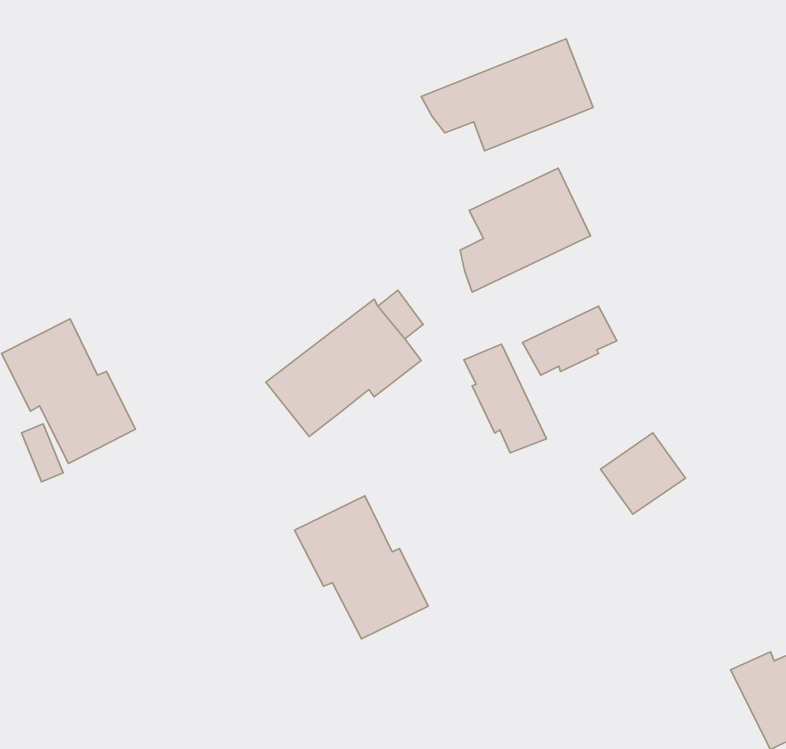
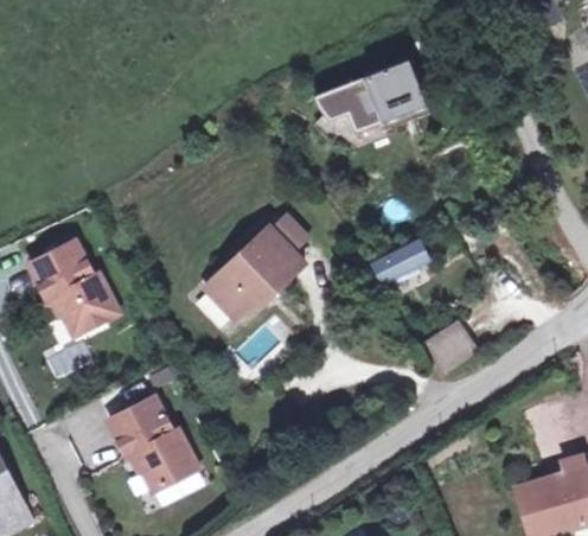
building: [460,168,591,292] -> none
building: [464,344,546,453] -> none
building: [294,496,428,639] -> [108,400,196,493]

